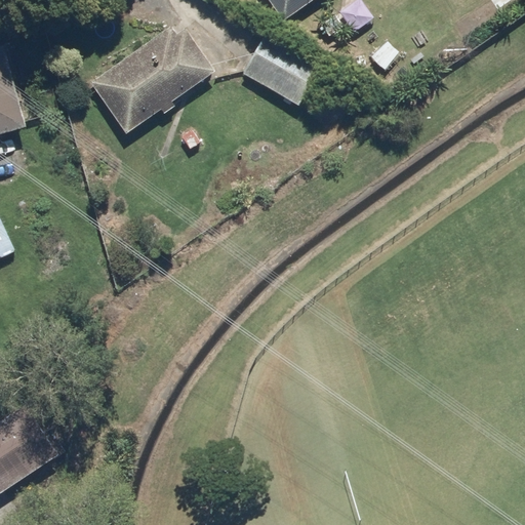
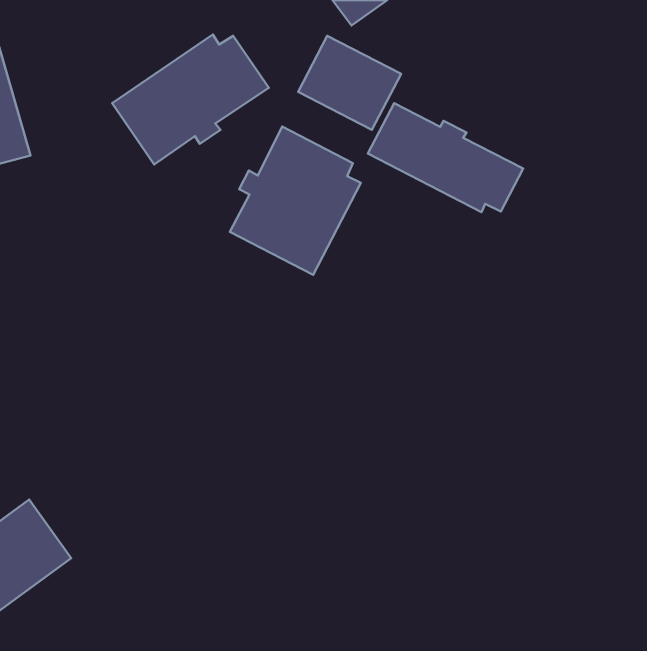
building: none -> [368,103,523,212]
building: none -> [230,127,361,275]

